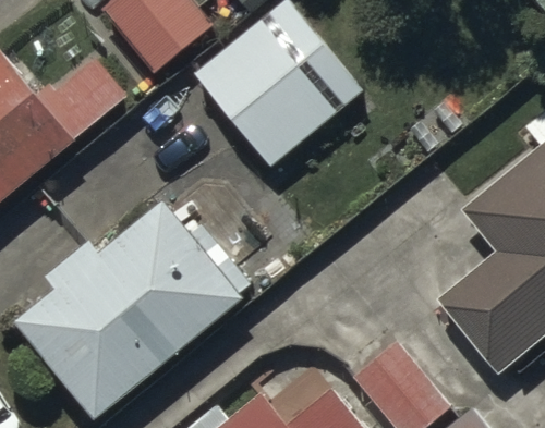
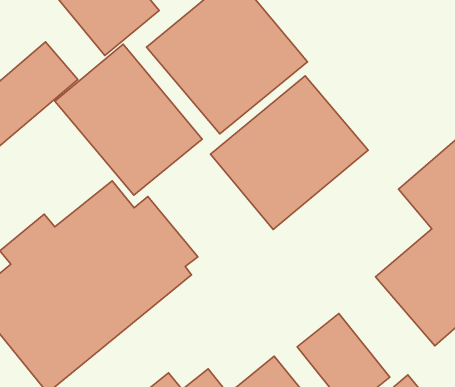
building: none -> [55,44,202,195]
building: none -> [210,76,368,229]

